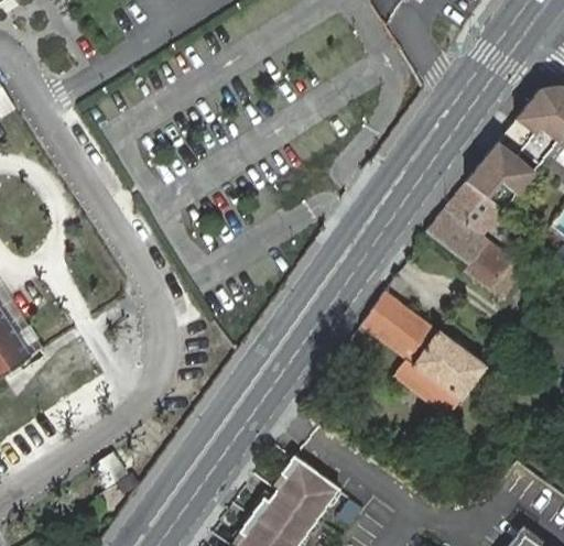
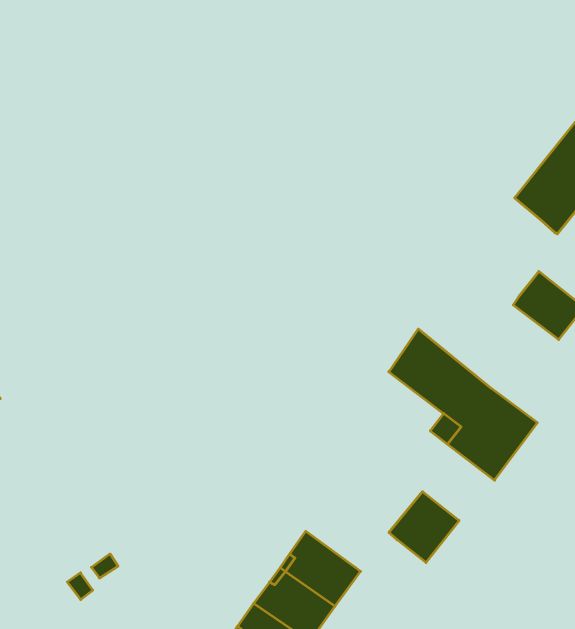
building: [425,182,498,263] -> none
building: none -> [389,492,459,563]

